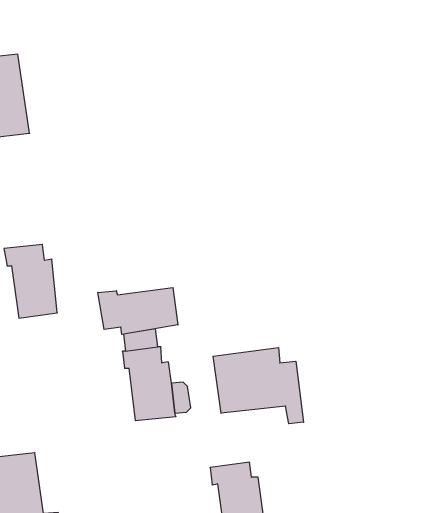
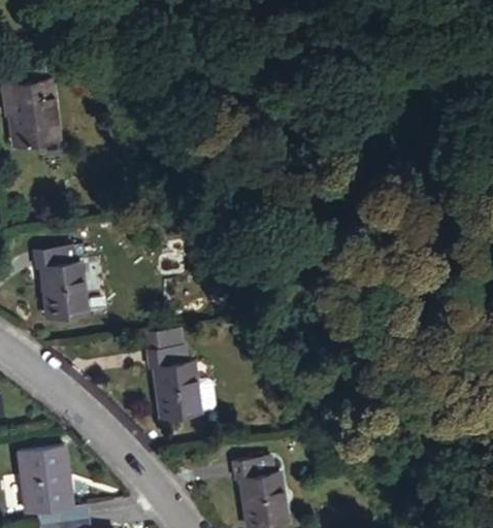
building: [98,288,178,334] -> none
building: [213,348,304,424] -> none

